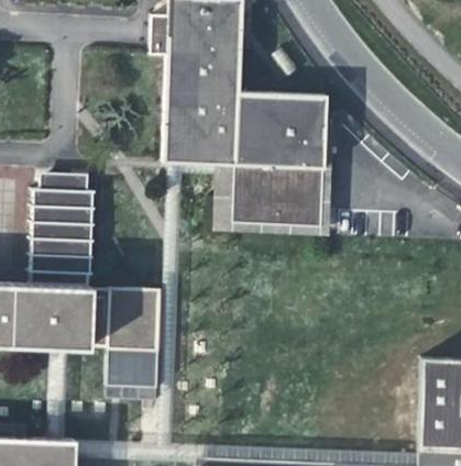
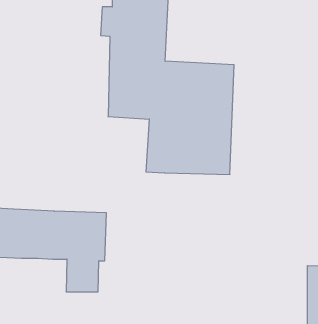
building: [30,174,95,286] -> none

